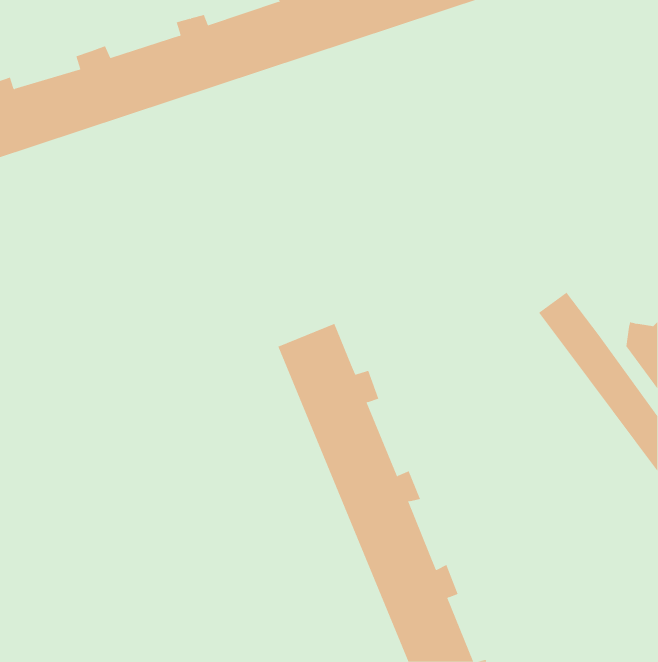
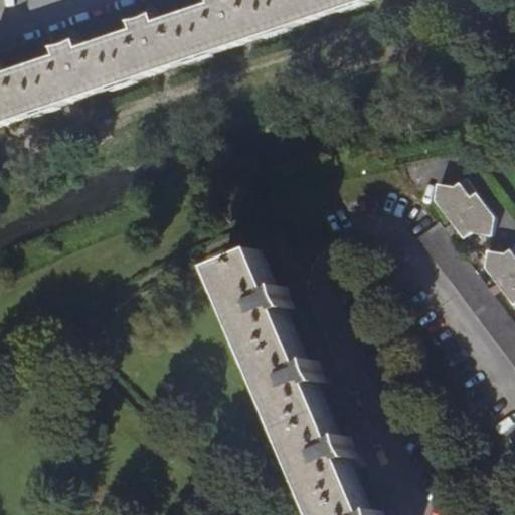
building: none -> [433,181,493,238]

